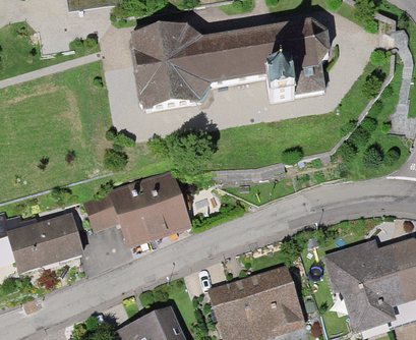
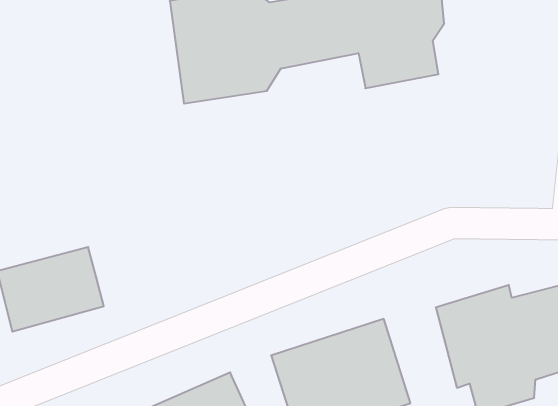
building: [83,173,193,251] -> none

